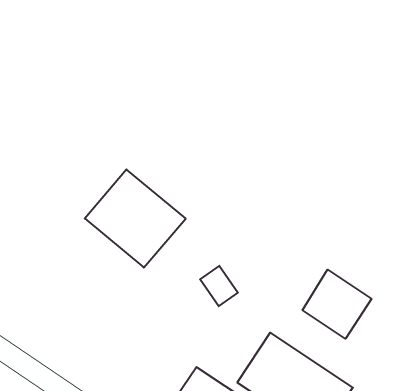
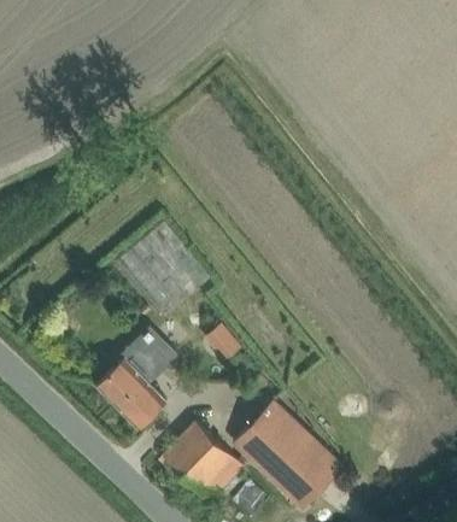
building: [303,270,371,339] -> none
building: none -> [96,324,178,428]

